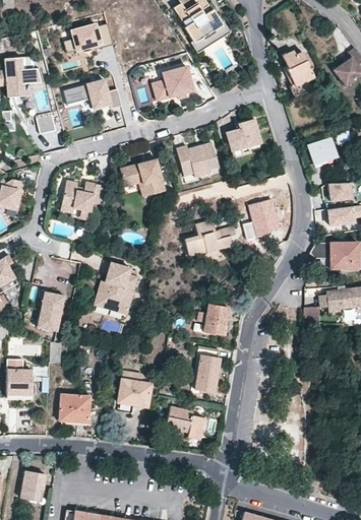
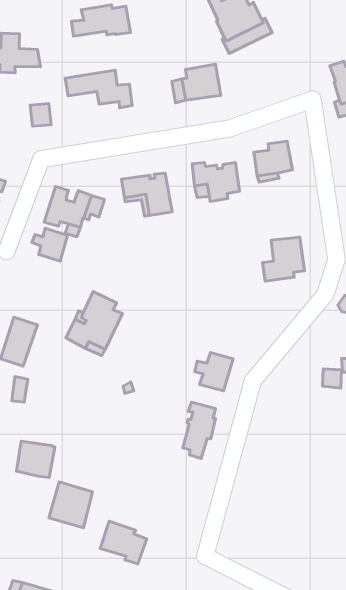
building: none -> [32,228,67,261]
building: [185,222,235,255] -> none
building: [118,371,152,406] -> [49,482,92,528]
building: [166,406,203,439] -> [100,521,147,564]

